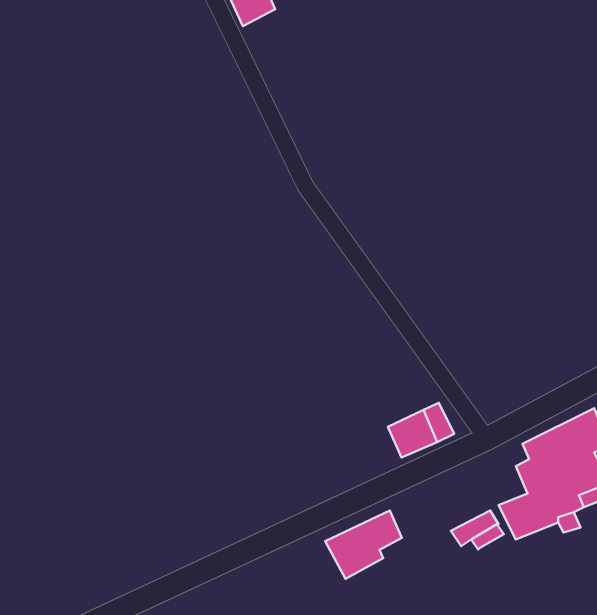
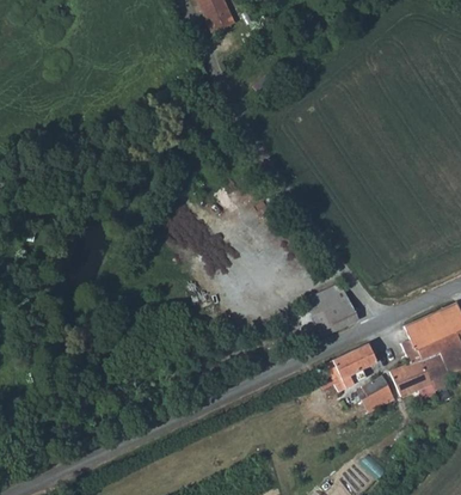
building: none -> [306,285,349,316]
building: [325,511,402,579] -> [325,342,379,390]

